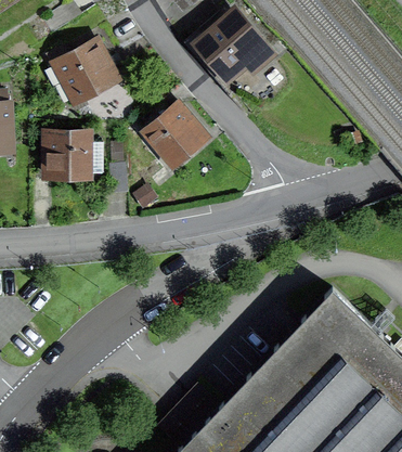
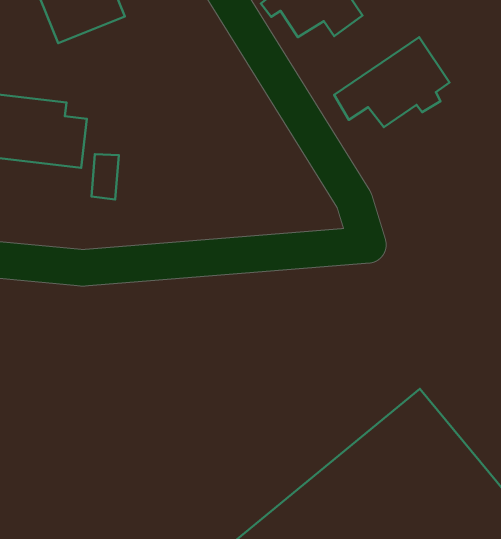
building: none -> [334,37,450,127]
building: [138,104,202,167] -> none

